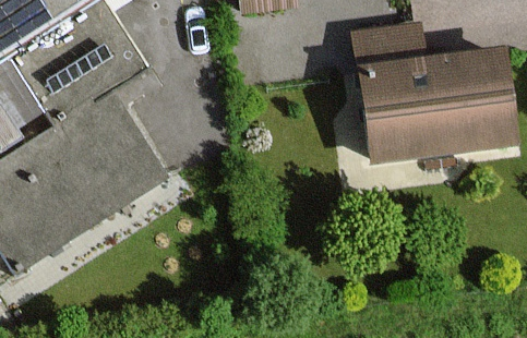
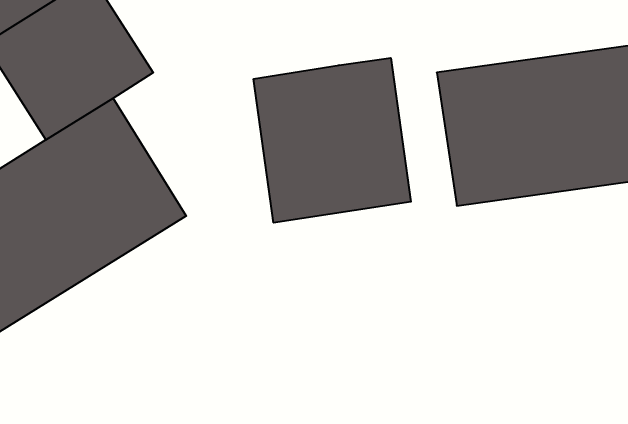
building: none -> [254,58,411,223]

